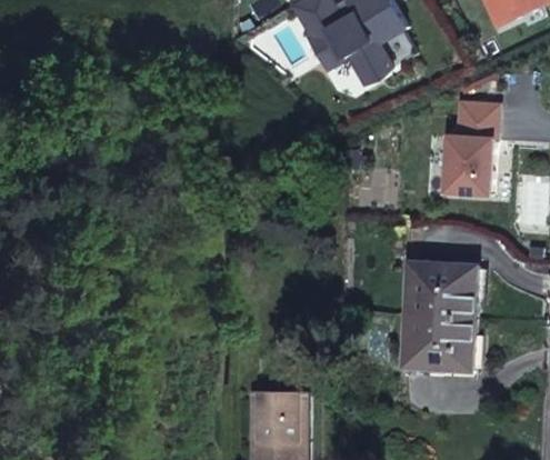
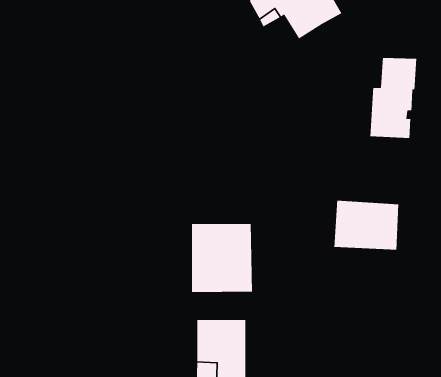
building: none -> [191,223,253,293]
building: [402,314,476,370] -> none

